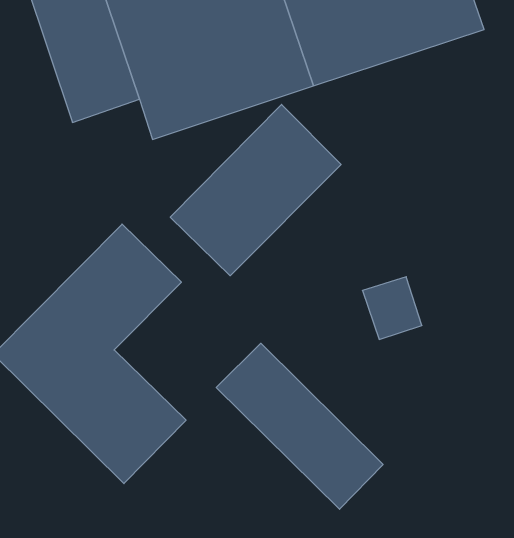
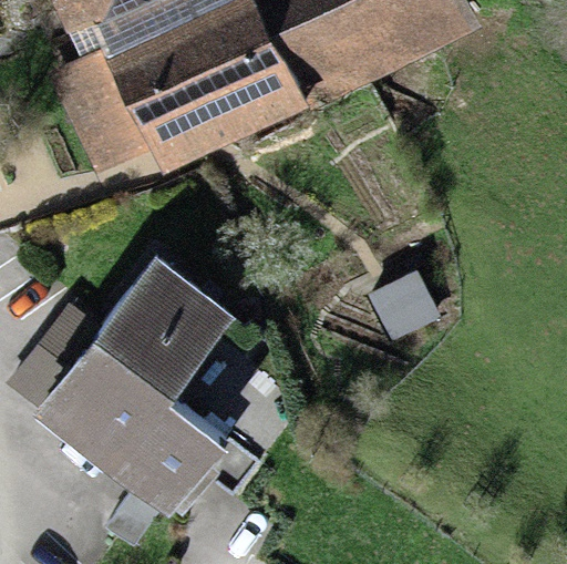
building: [170,104,341,276] -> none
building: [216,343,383,509] -> none

